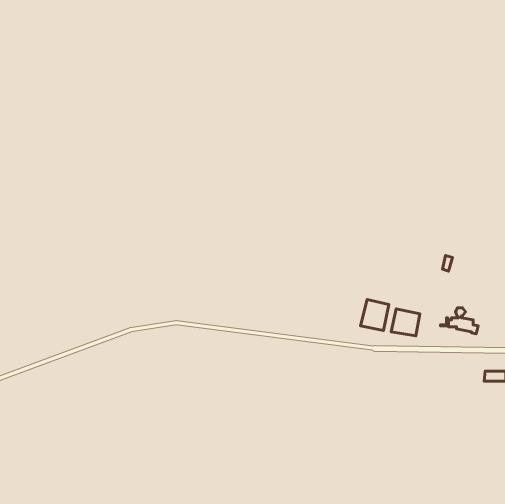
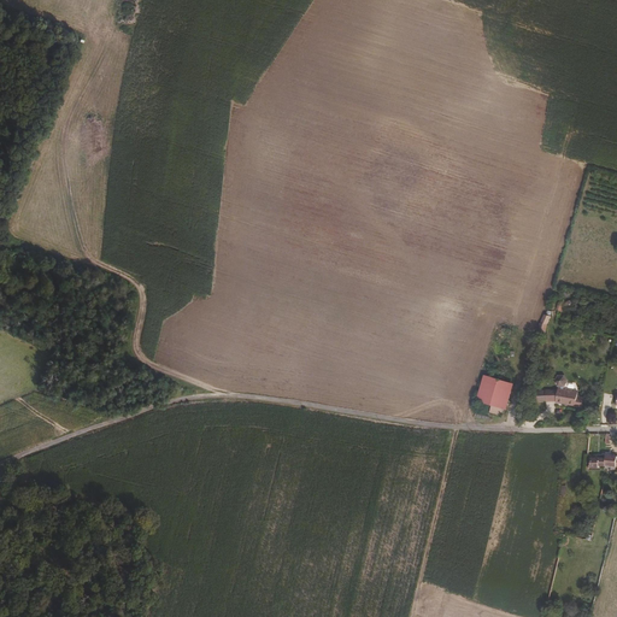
building: [360,299,389,330] -> none

